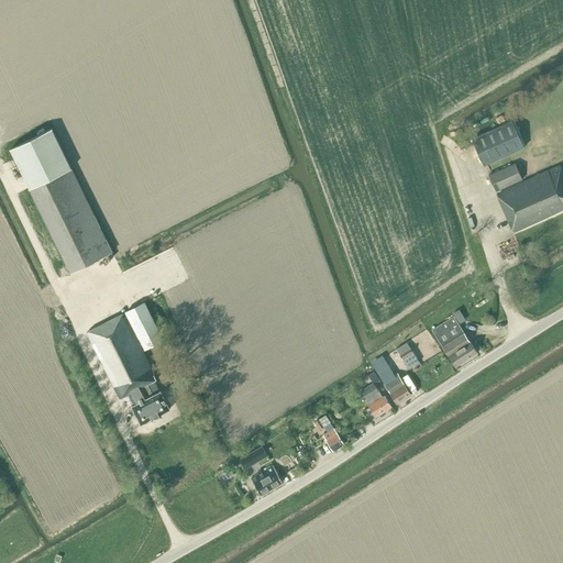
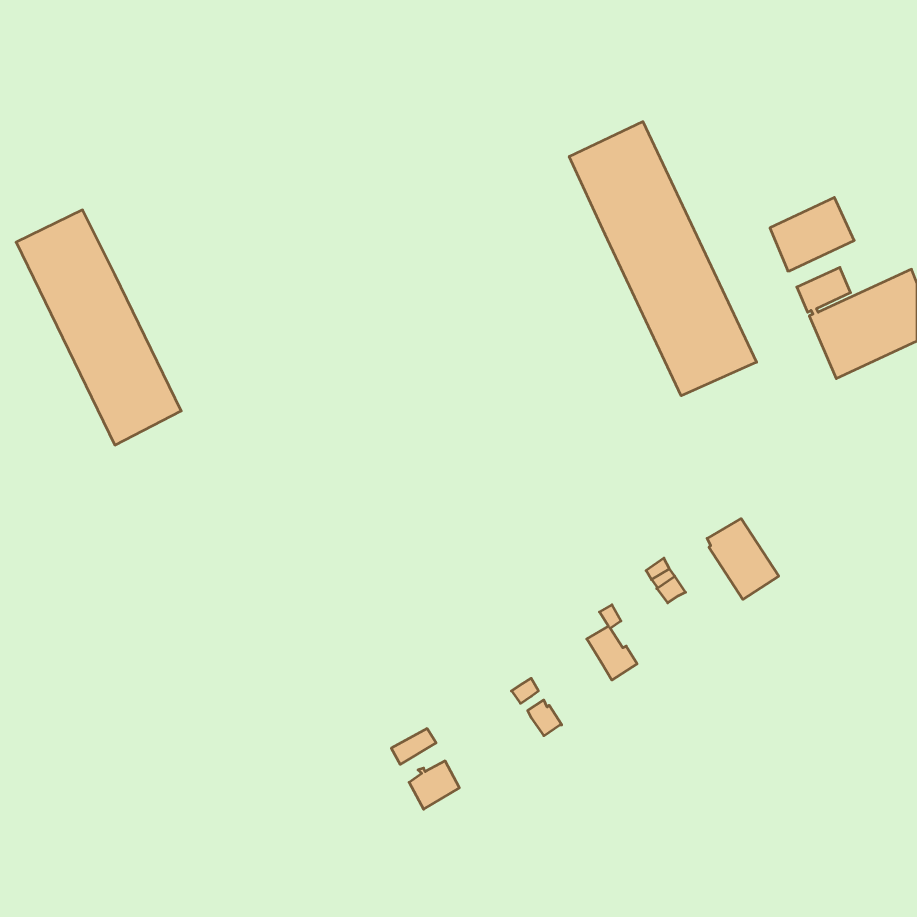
building: none -> [569,122,757,396]
building: [86,303,169,423] -> none
building: [372,357,410,404] -> none

